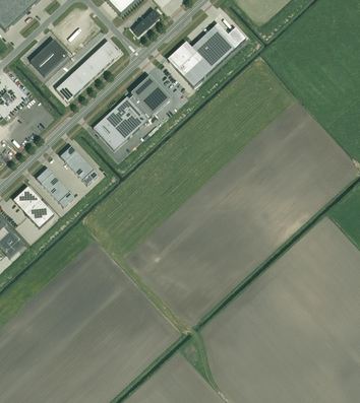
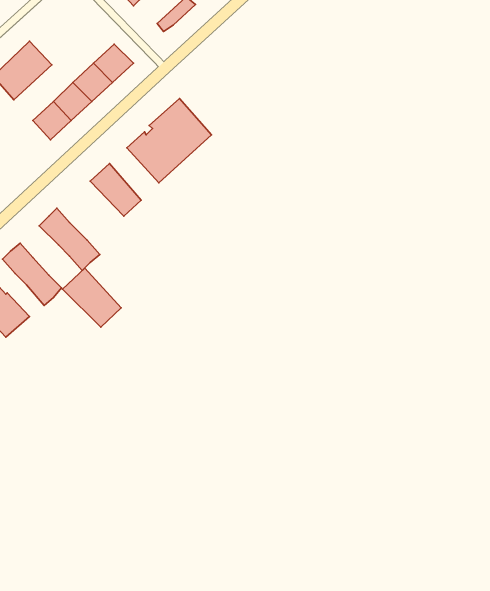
building: [169,21,245,86] -> none
building: [105,106,136,139] -> none
building: none -> [63,268,121,327]

